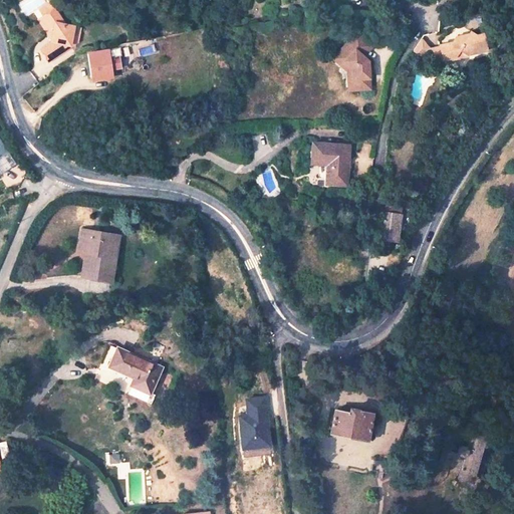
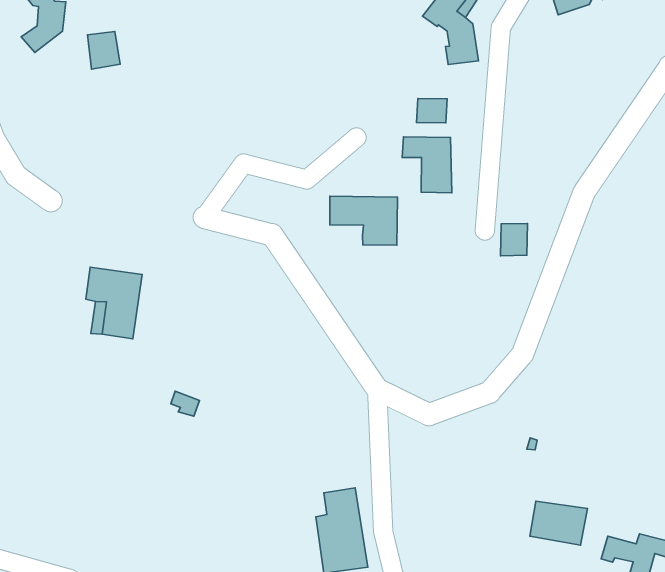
building: none -> [417,98,447,123]
building: none -> [330,196,398,245]
building: [107,345,159,392] -> none
building: [330,406,373,440] -> [530,501,587,545]

